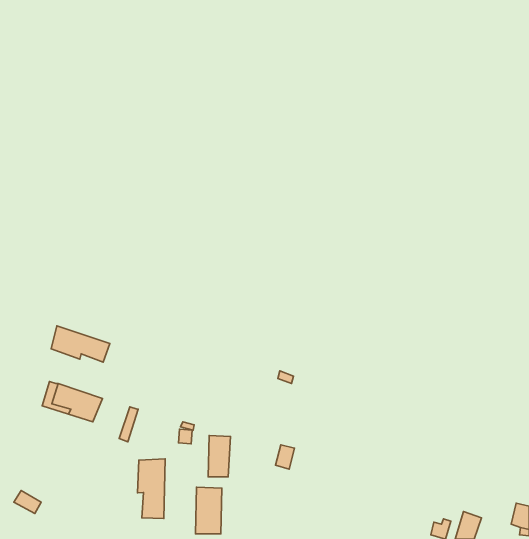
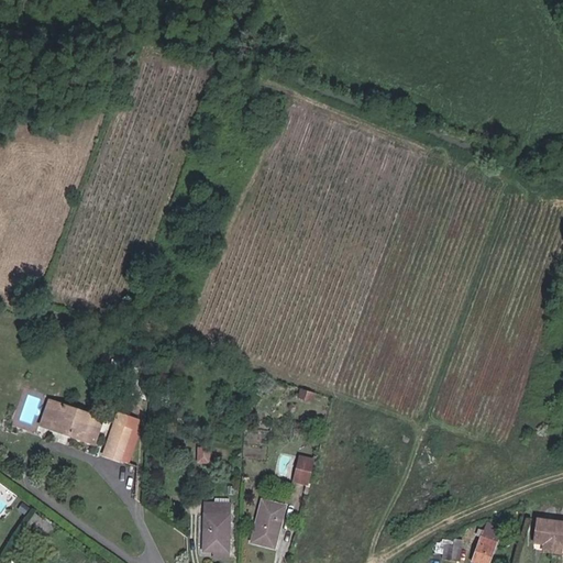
building: [51,326,110,362] -> none
building: none -> [107,416,135,456]
building: [208,436,230,477] -> [252,501,275,544]
building: [138,459,165,519] -> none

